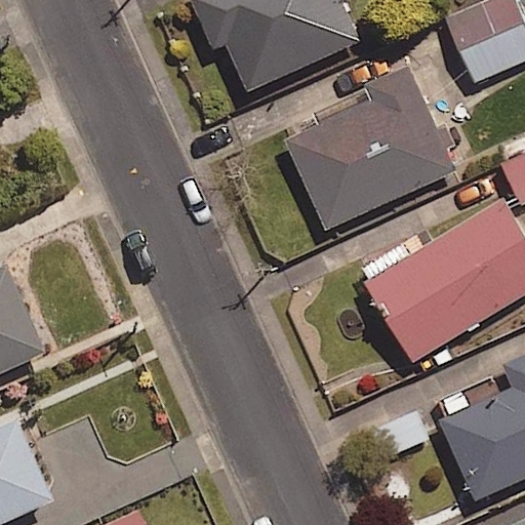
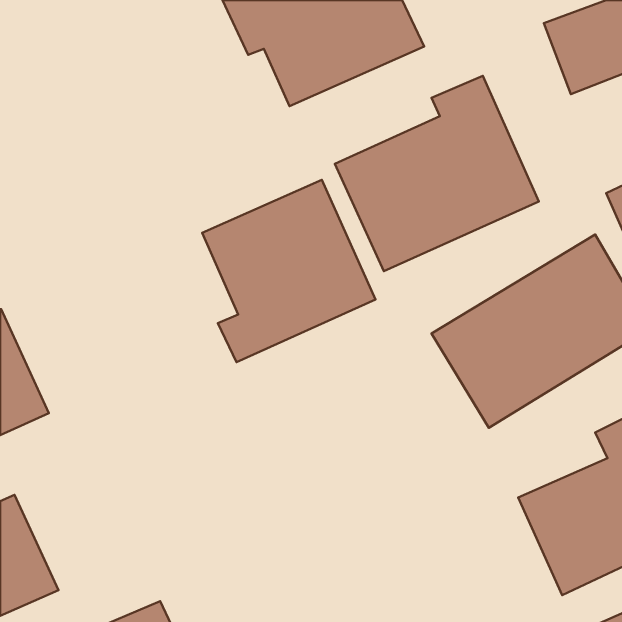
building: none -> [202,180,375,362]

